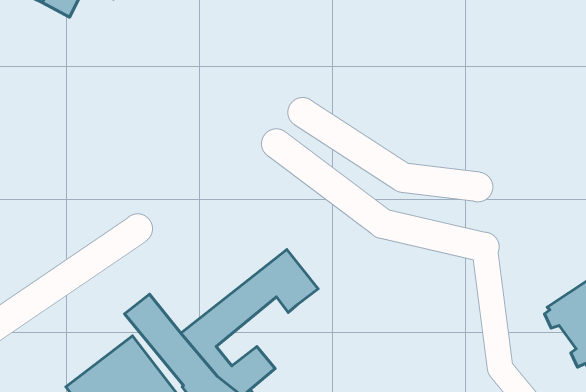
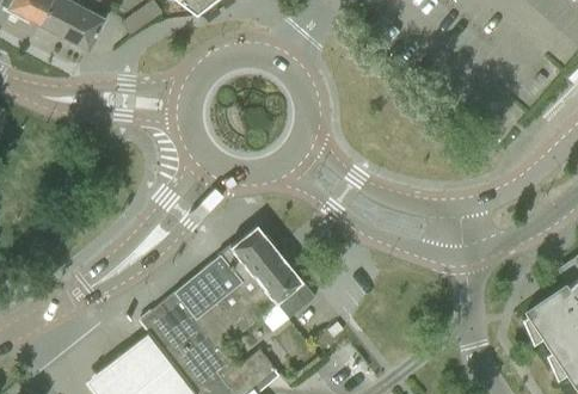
building: none -> [161,224,287,337]

